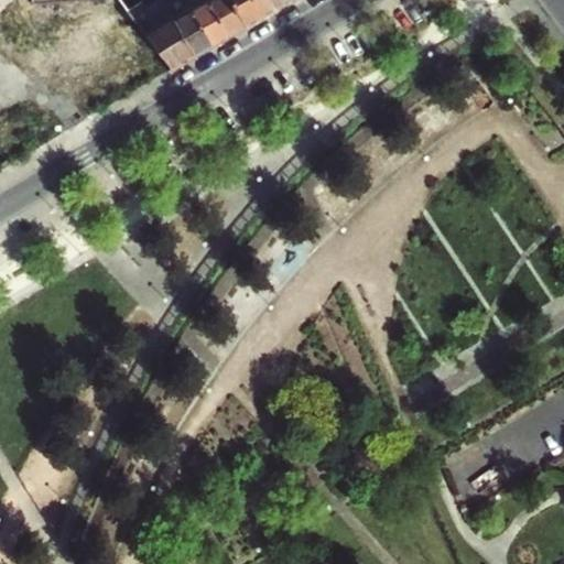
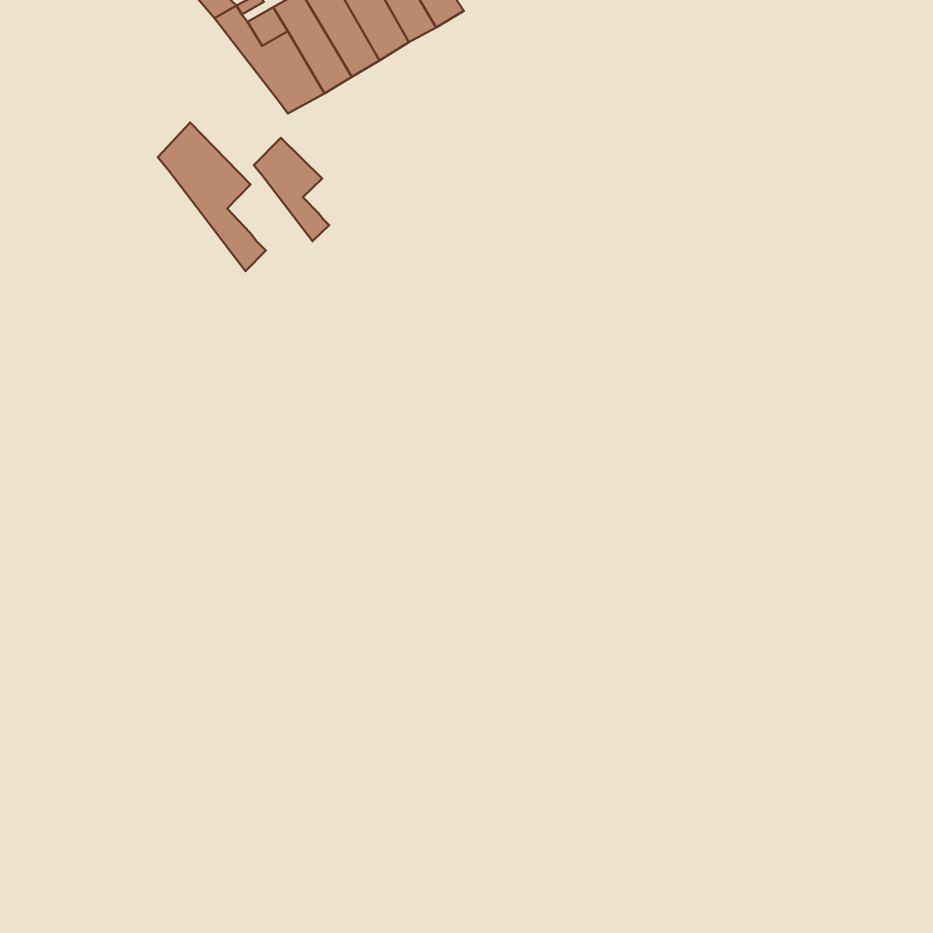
building: none -> [158,123,266,271]
building: none -> [254,138,329,241]

